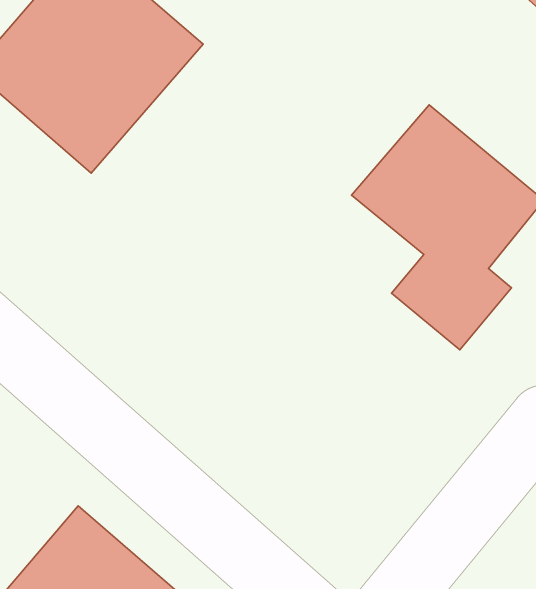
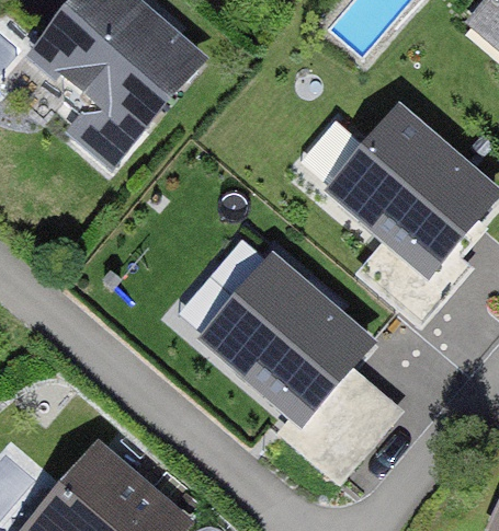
building: none -> [211,255,390,471]

